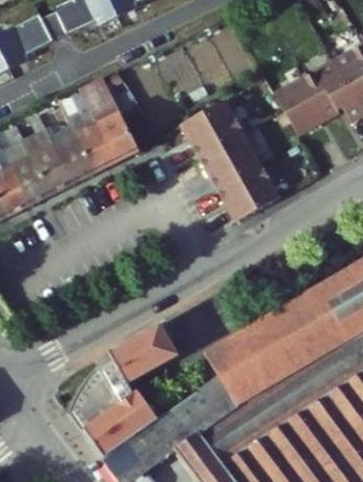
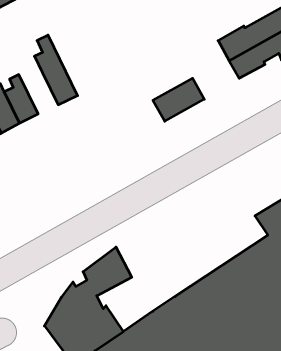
building: [82,71,139,156] -> none
building: [40,102,96,177] -> none
building: [184,102,248,161] -> none
building: [216,160,283,223] -> none
building: [210,292,333,383] -> none

